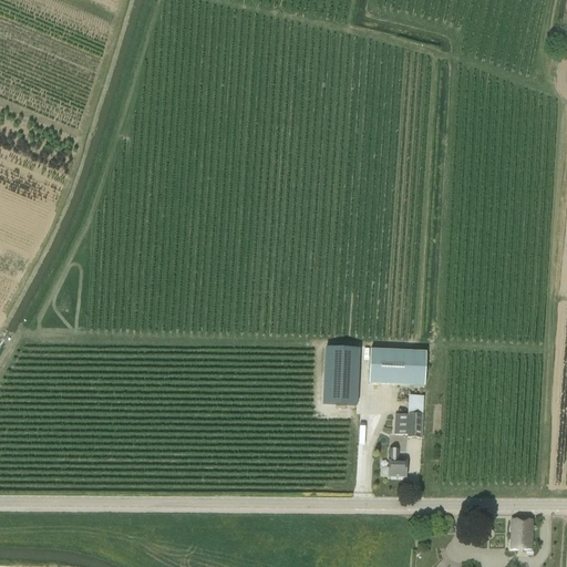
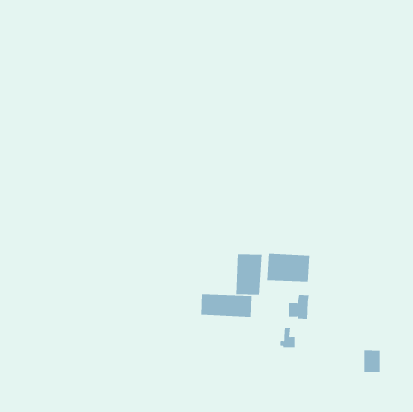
building: none -> [201,293,252,318]
building: [511,516,534,547] -> [364,350,381,372]

